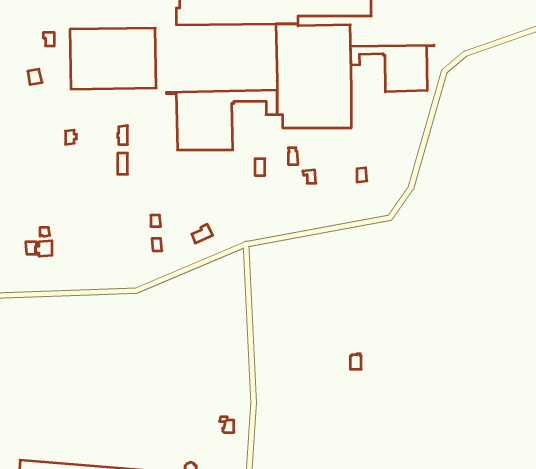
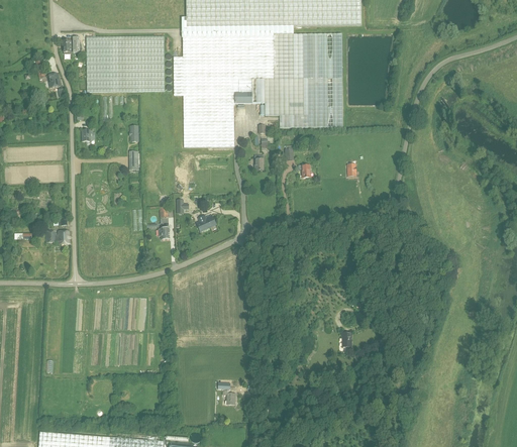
building: none -> [173,32,274,95]
building: [351,45,434,92] -> none

